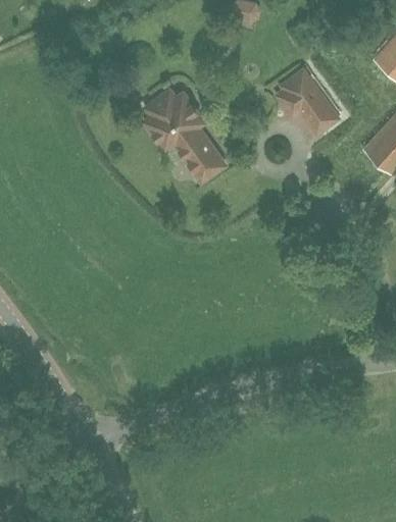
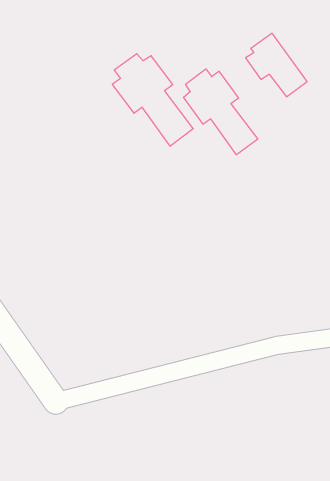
building: none -> [184,69,258,155]

